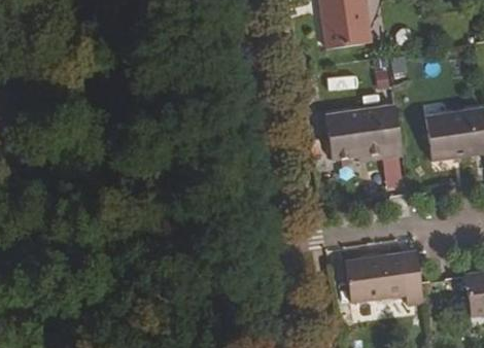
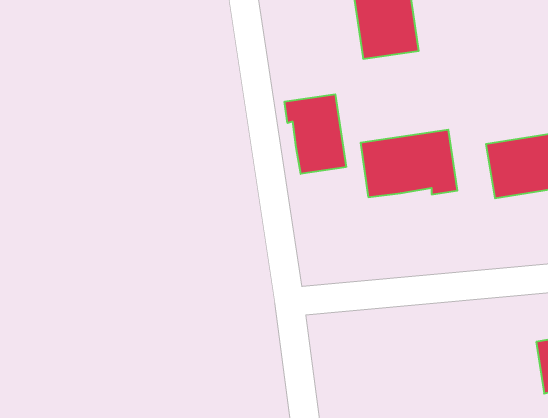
building: none -> [285,94,346,174]
building: [345,250,424,304] -> none

